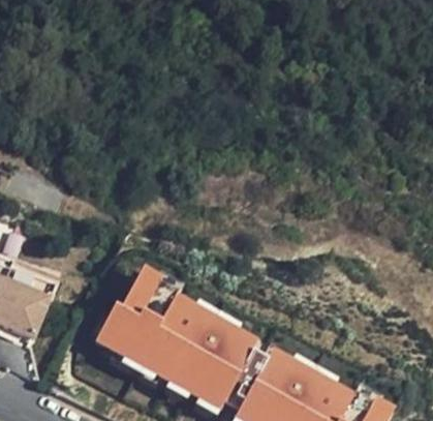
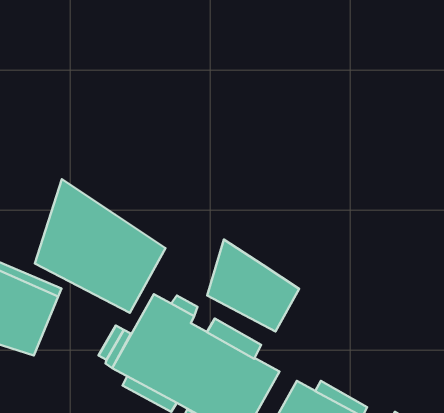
building: none -> [35,179,166,313]
building: none -> [207,240,299,331]

